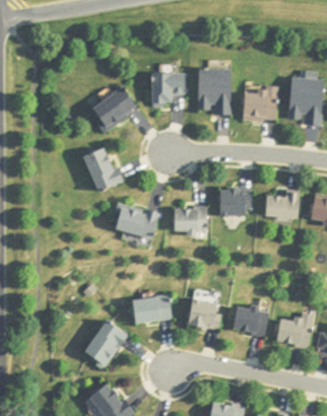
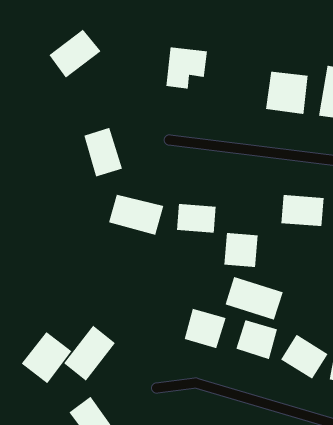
building: [199,69,232,114] -> none
building: [92,86,138,131] -> [49,29,101,79]
building: [218,189,247,217] -> [223,232,258,267]
building: none -> [225,276,283,320]
building: [134,297,172,323] -> none
building: none -> [21,331,72,384]

